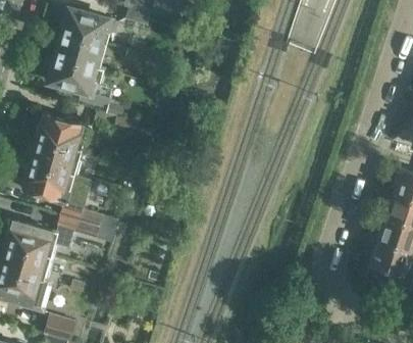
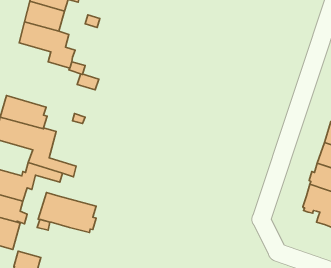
building: [36,115,92,155] -> none
building: none -> [38,193,96,232]

